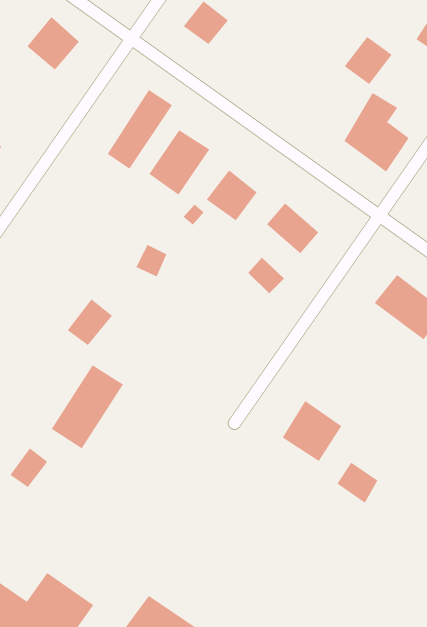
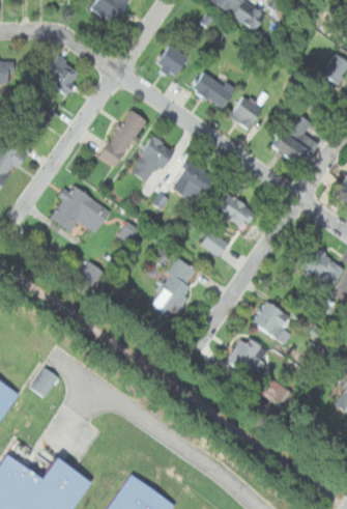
building: [344,36,393,85] -> [230,94,265,130]
building: none -> [193,73,233,108]
building: none -> [50,185,110,231]
building: none -> [252,300,292,339]
building: [51,364,124,449] -> [148,257,201,318]

